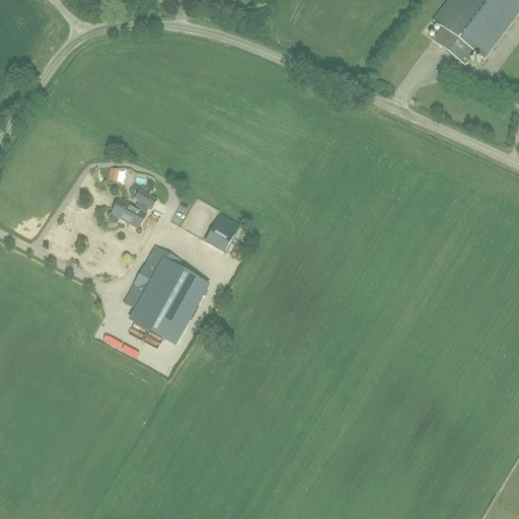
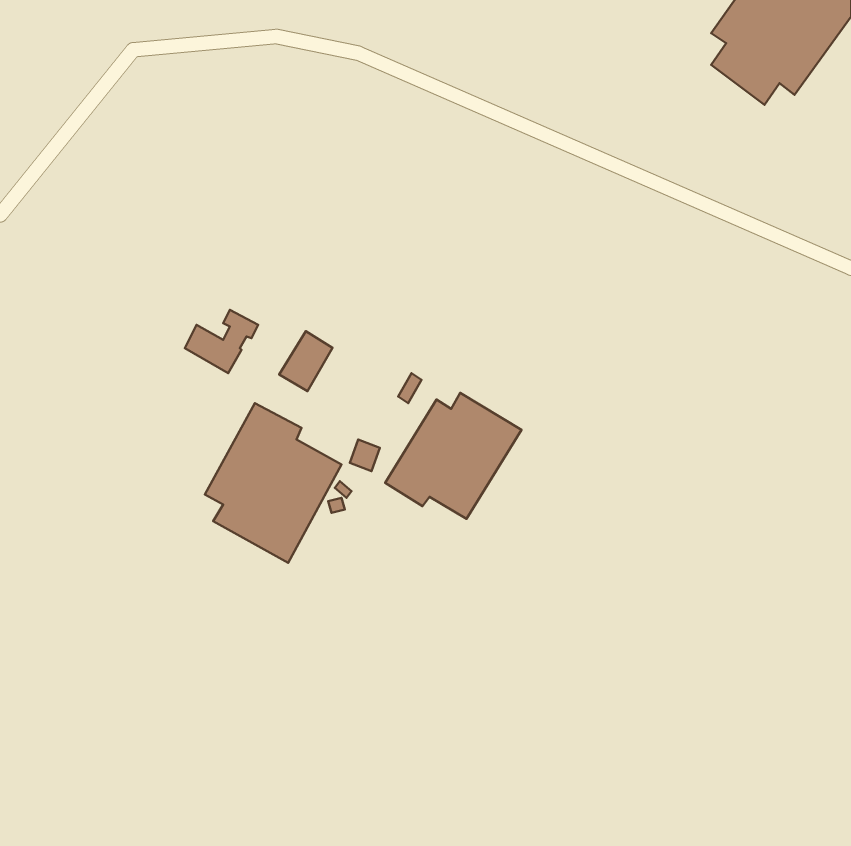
building: [207,214,239,250] -> [279,331,332,391]
building: none -> [385,393,521,519]

